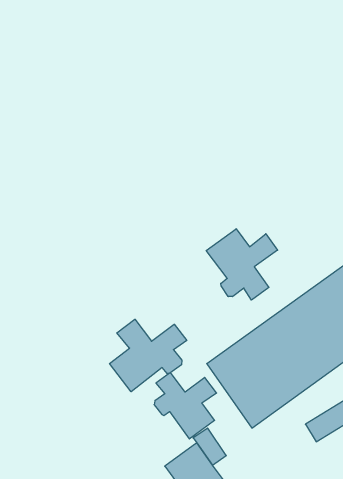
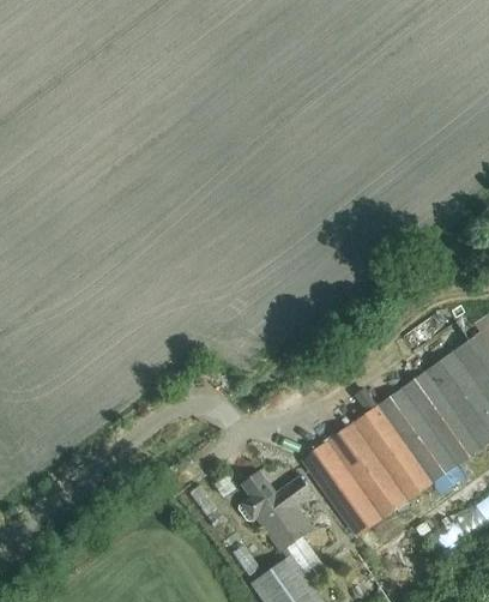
building: [206,229,278,300] -> none
building: [110,319,187,392] -> none

